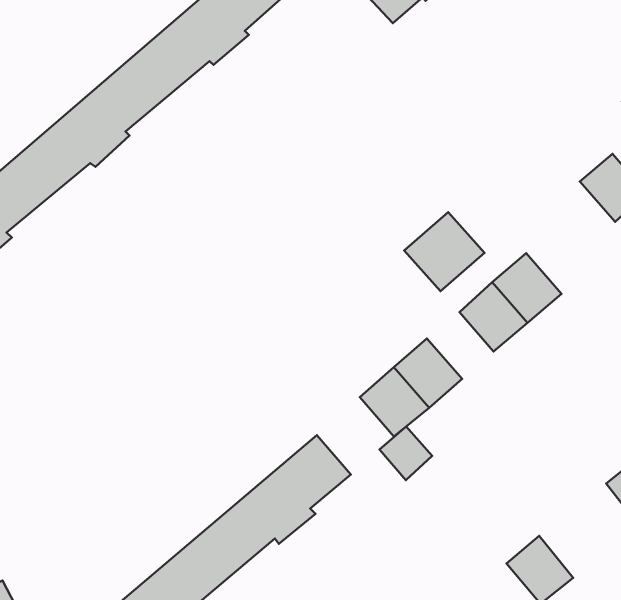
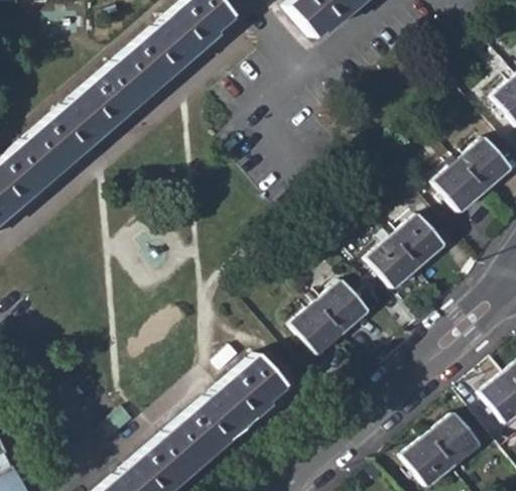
building: none -> [435,158,488,212]
building: [404,212,485,291] -> none
building: [379,426,432,480] -> none
building: none -> [429,411,482,464]

